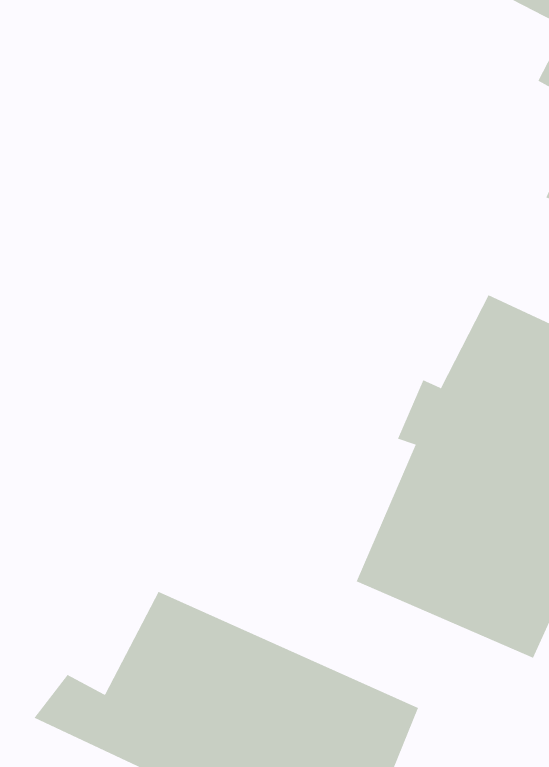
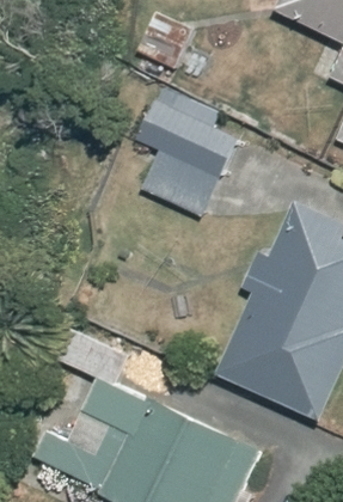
building: none -> [128,100,222,219]

